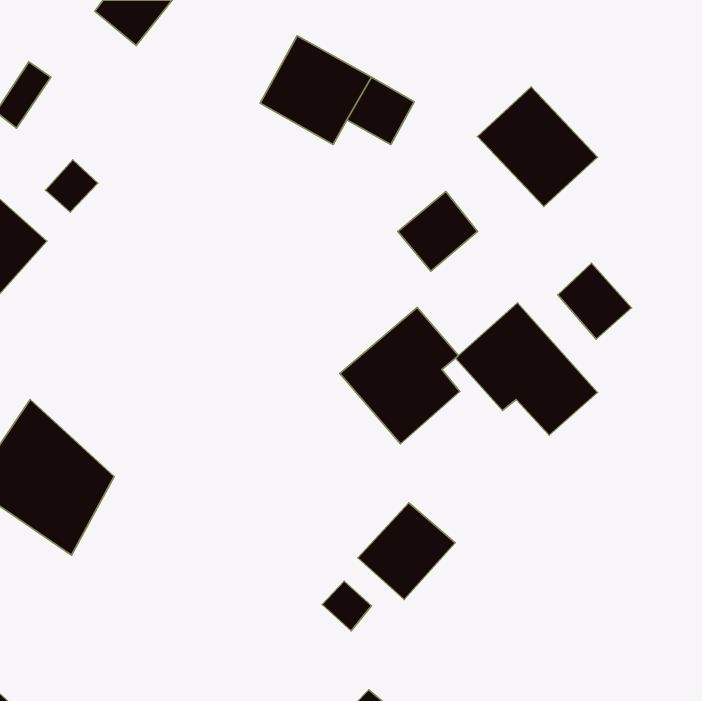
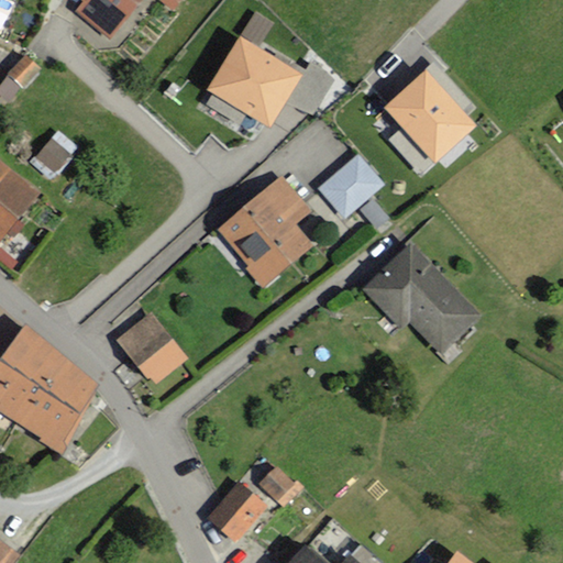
building: [558,263,631,339] -> none
building: [340,307,460,444] -> [218,178,313,287]
building: none -> [121,316,187,383]
building: [358,503,455,599] -> none
building: none -> [209,481,266,539]

